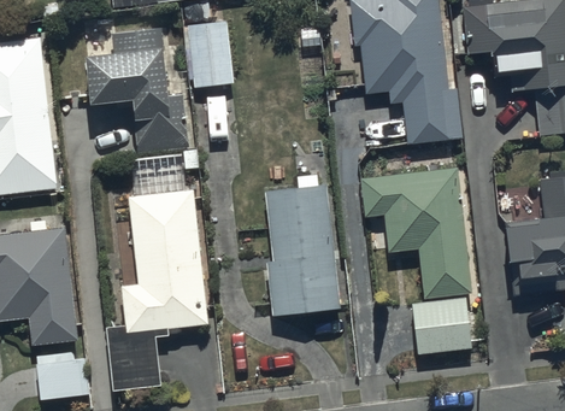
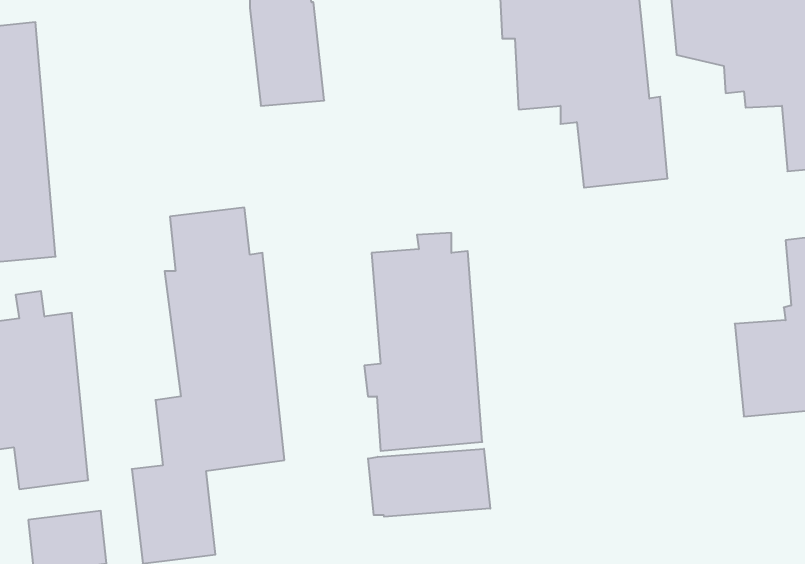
building: [88,29,188,151] -> none
building: [361,170,471,356] -> none
building: none -> [368,449,490,517]

